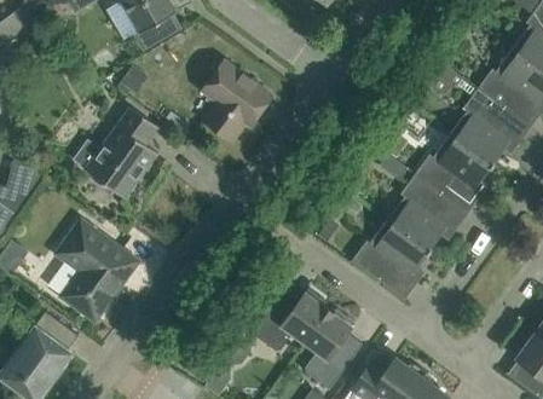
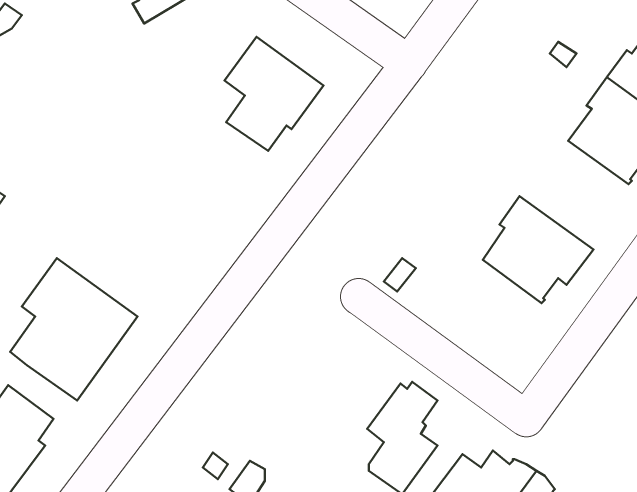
building: [83,106,158,198] -> none
building: [414,134,492,213] -> none
building: [351,220,429,300] -> none
building: [252,288,328,351] -> none

